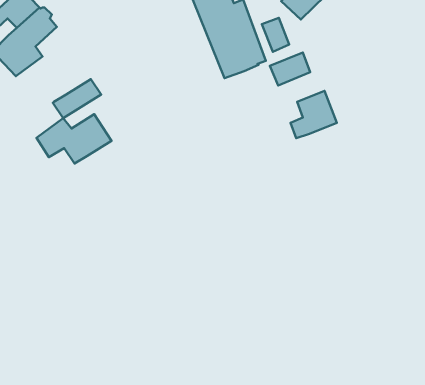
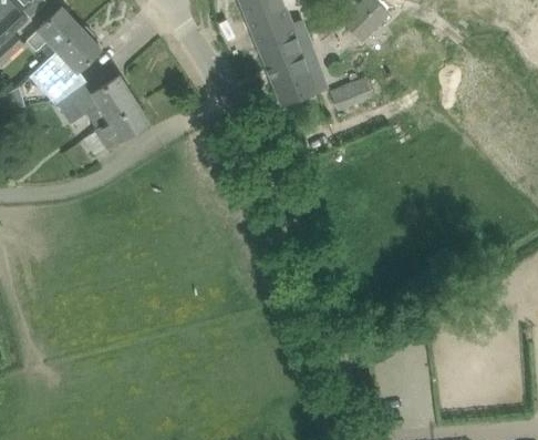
building: [262,18,289,52] -> none
building: [290,91,337,138] -> none
building: [36,114,112,163] -> [56,78,137,131]

